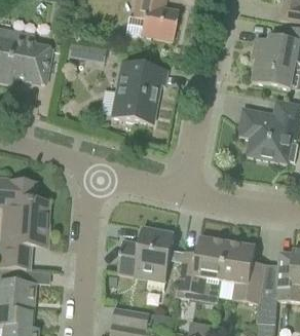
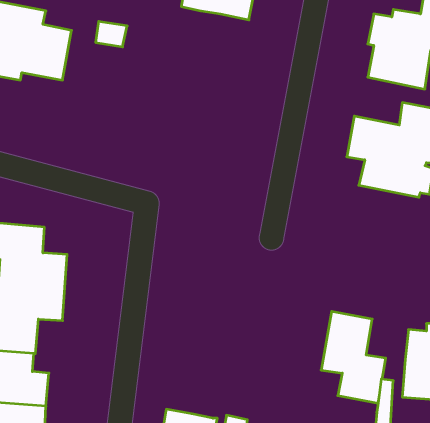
building: [112,62,167,123] -> none
building: [118,226,176,289] -> none
building: [178,236,229,297] -> none

